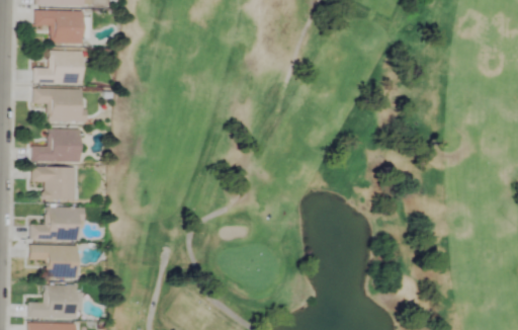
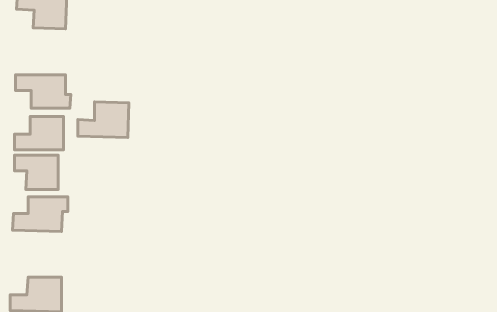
building: [34,51,84,85] -> [78,102,129,137]
building: [30,244,78,278] -> none

